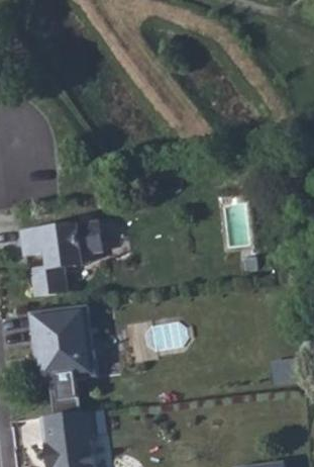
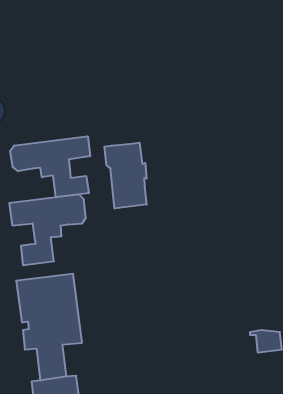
building: none -> [10,136,90,197]
building: none -> [104,143,147,209]

